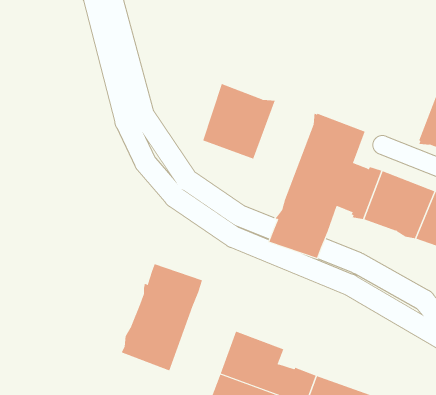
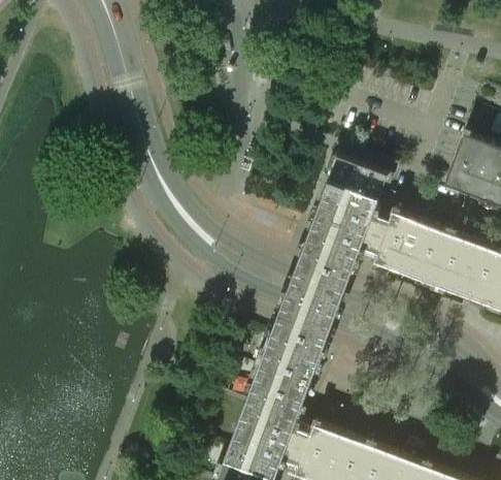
building: [203,83,275,160] -> none
building: [121,264,203,371] -> [252,292,338,406]

